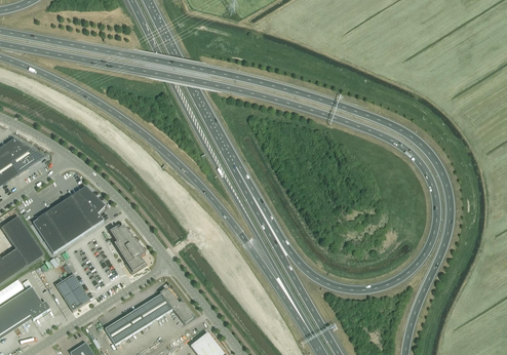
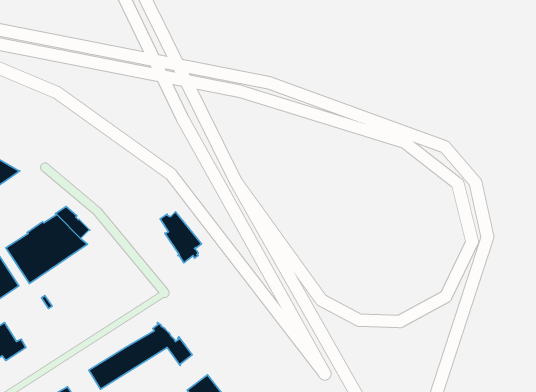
building: [110,225,146,269] -> [160,212,202,263]
building: [55,274,90,311] -> none

